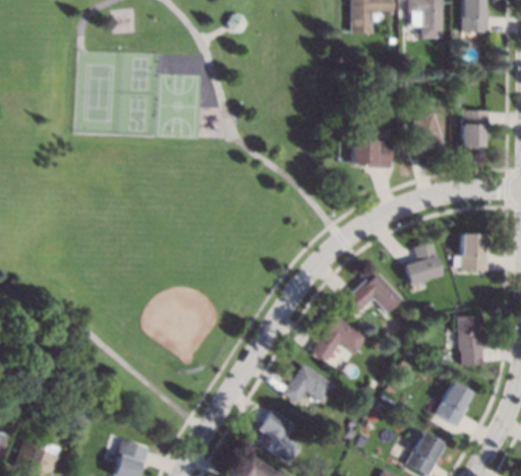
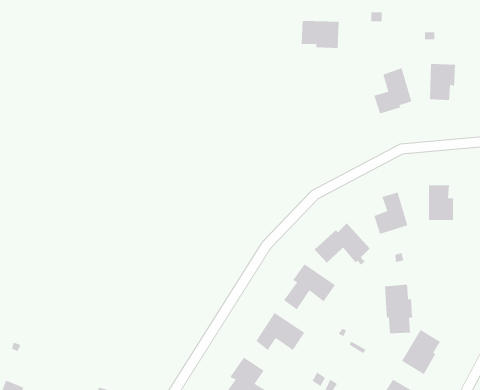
building: [350,139,390,168] -> [301,21,339,48]
building: [456,314,485,365] -> [384,284,413,334]

